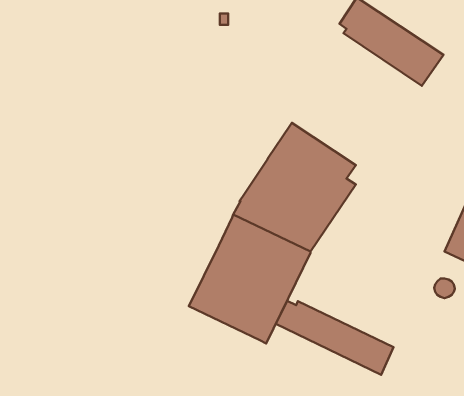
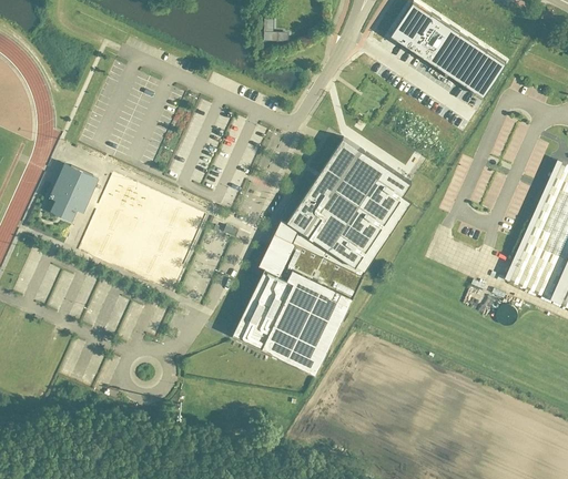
building: none -> [49,166,91,221]
building: [276,301,393,375] -> none

